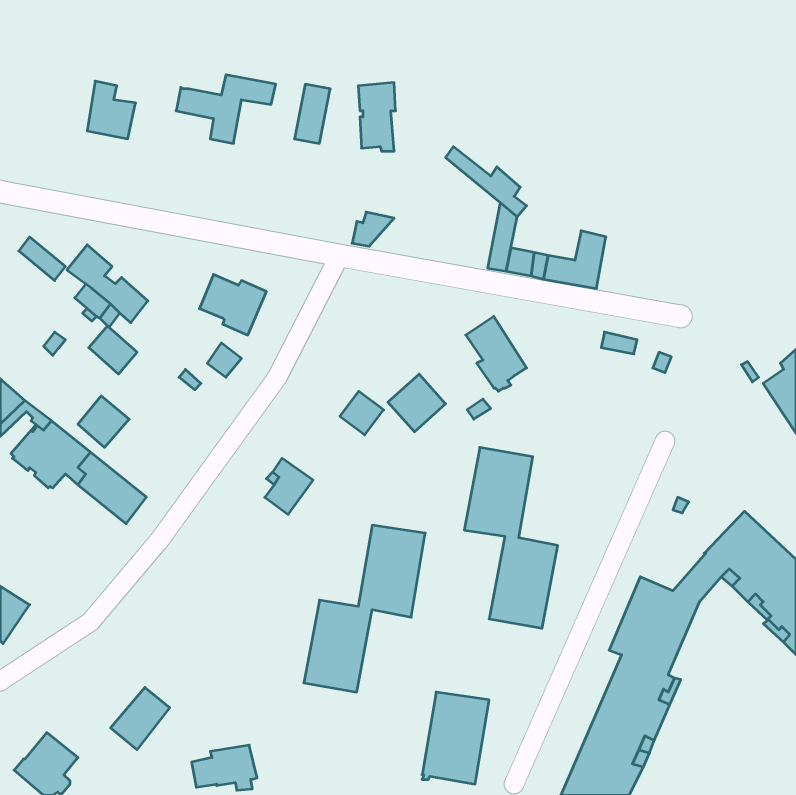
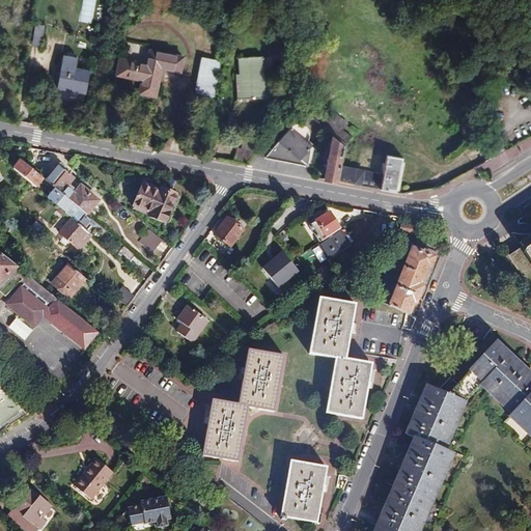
building: none -> [266,122,312,165]
building: none -> [390,248,434,314]
building: [340,391,384,435] -> [214,217,243,246]

